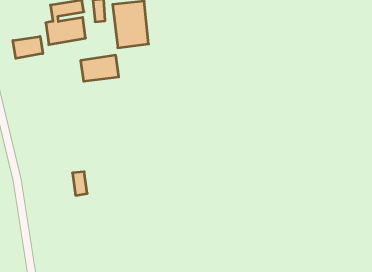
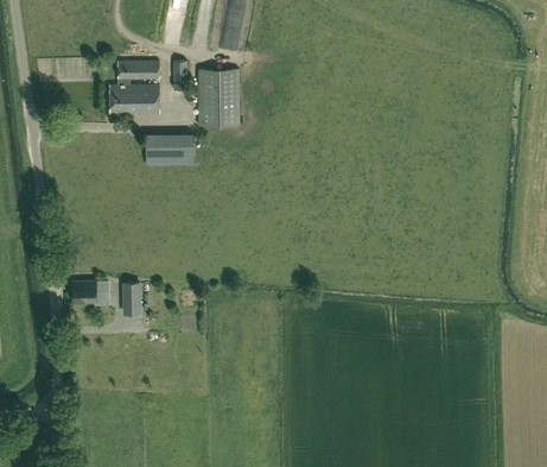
building: [13,36,43,58] -> none
building: none -> [74,282,104,302]

